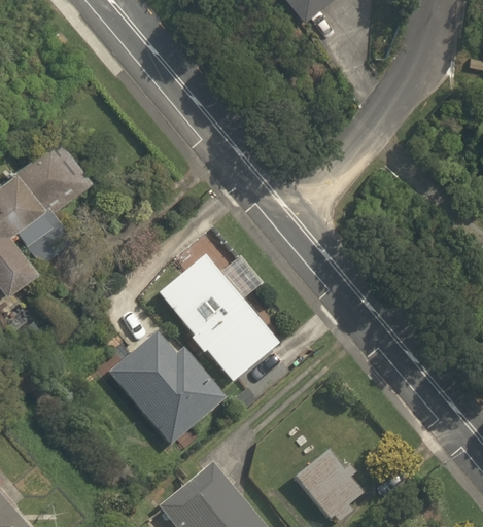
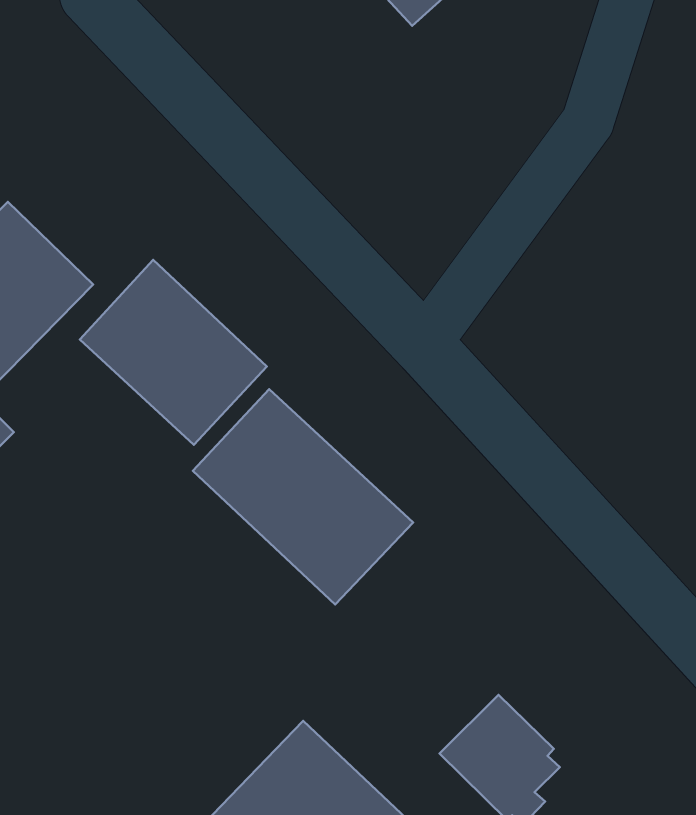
building: none -> [80,260,267,445]
building: [109,335,218,445] -> none

